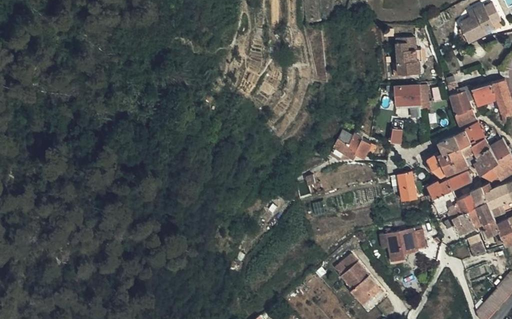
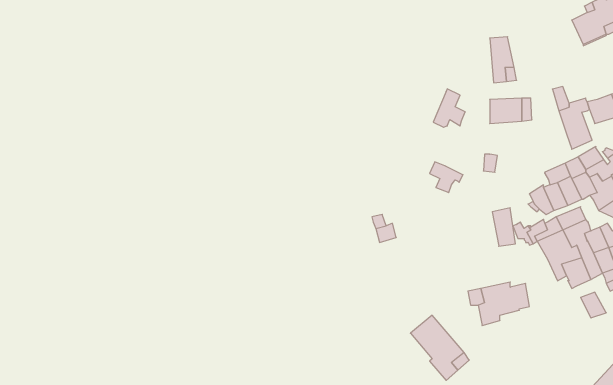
building: [332,130,357,160] -> [433,89,465,127]

